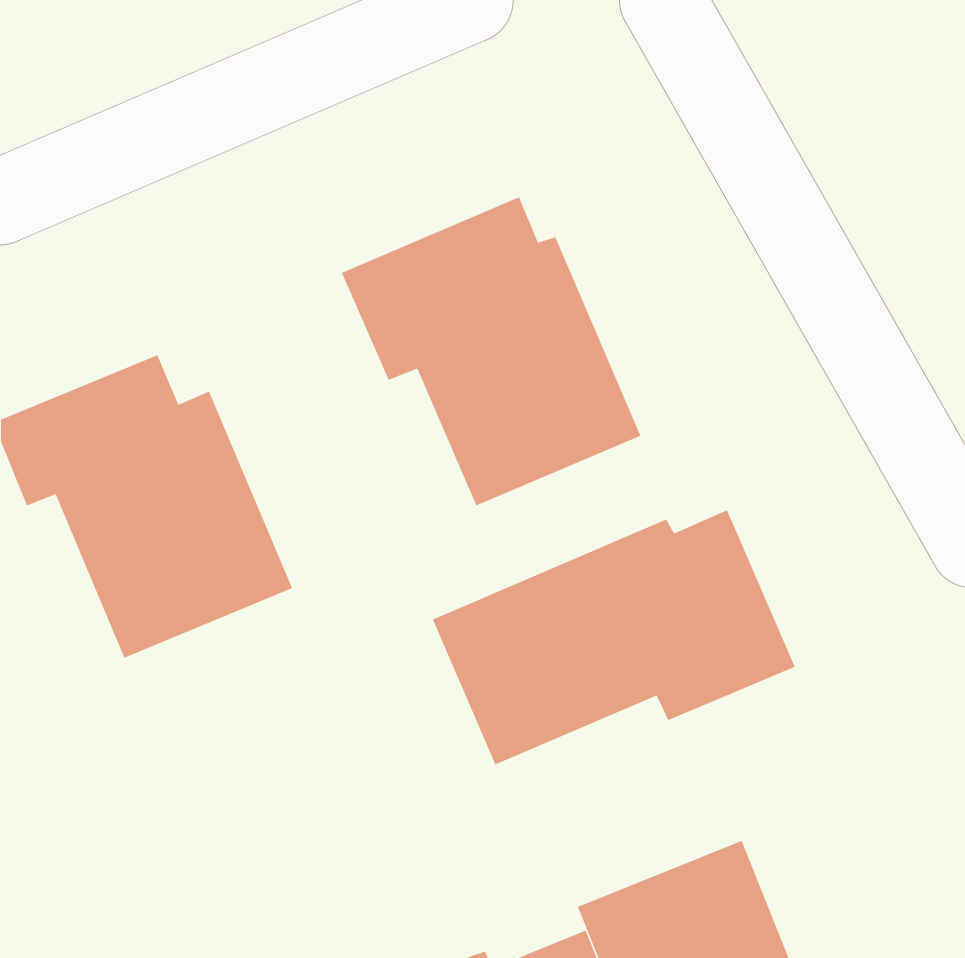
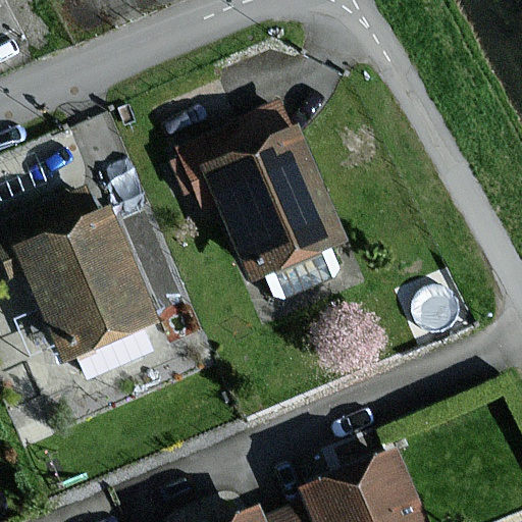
building: [432,509,796,766] -> none

